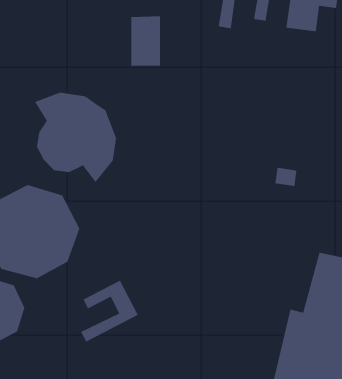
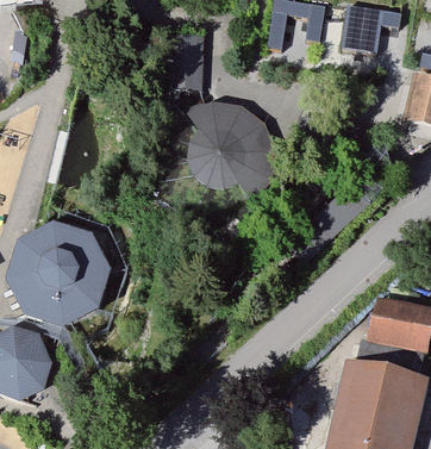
building: [34,92,117,183] -> [182,100,274,201]
building: [81,280,139,342] -> none

